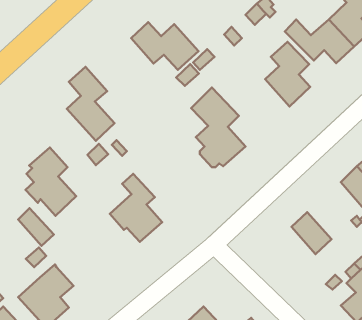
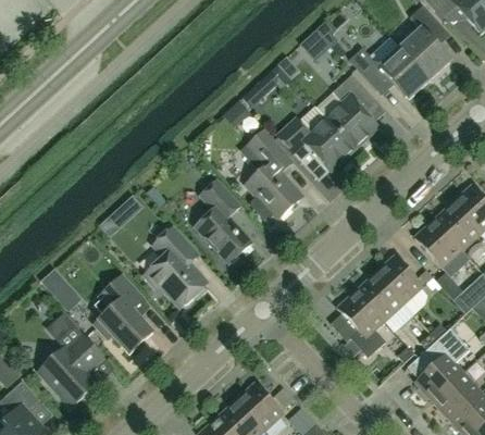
building: [131,22,199,70] -> [276,115,355,171]
building: [67,67,115,141] -> [196,177,251,263]
building: [26,148,76,216] -> [95,275,153,355]
building: none -> [375,254,423,303]
building: none -> [331,289,385,357]

